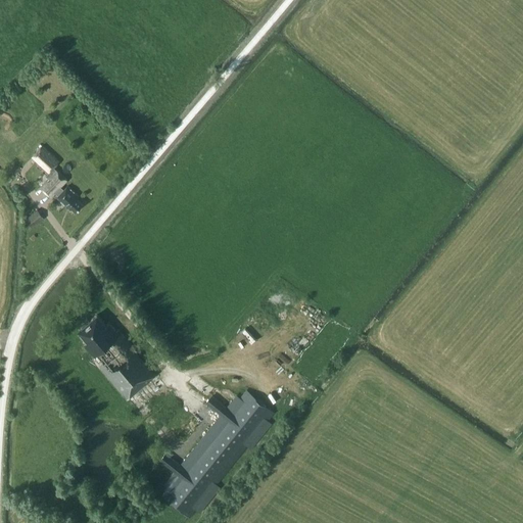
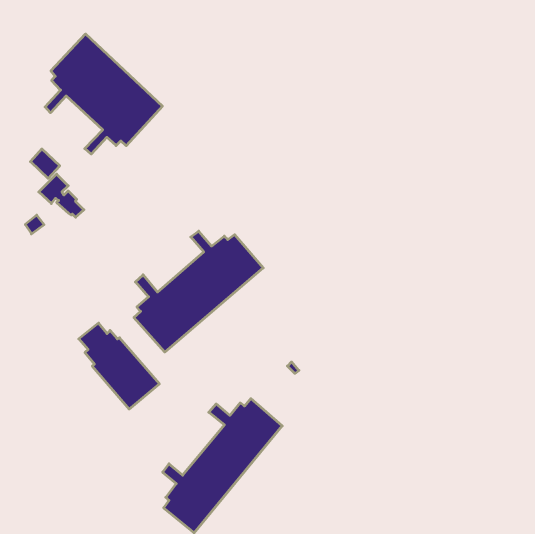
building: none -> [45,34,162,154]
building: none -> [134,231,263,352]

